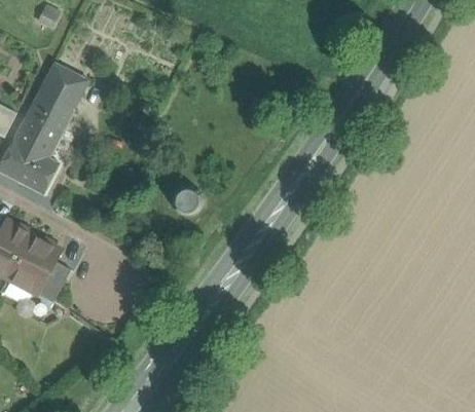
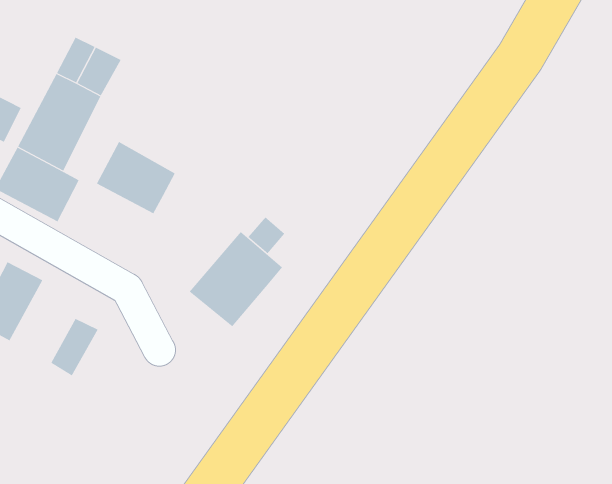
building: none -> [96,141,176,214]
building: none -> [189,231,283,327]
building: [8,234,61,293] -> none

